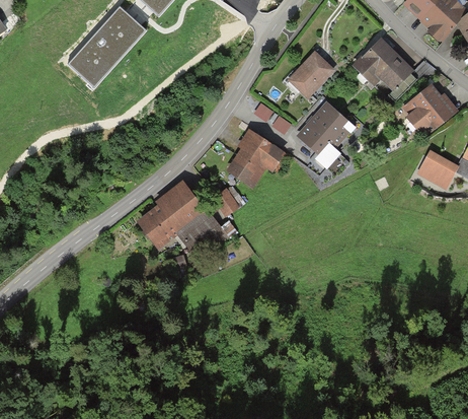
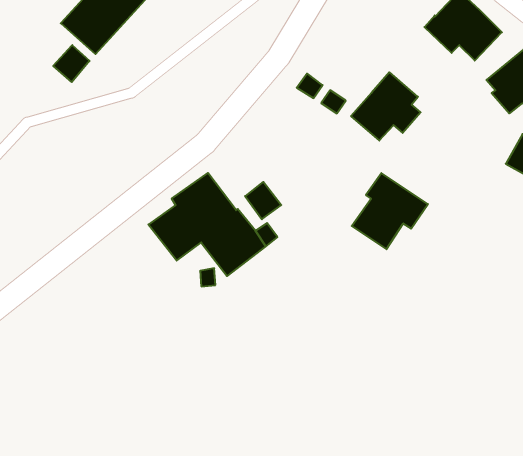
building: [289,50,336,97] -> none
building: none -> [53,45,90,82]
building: [226,128,286,188] -> [352,173,428,249]

